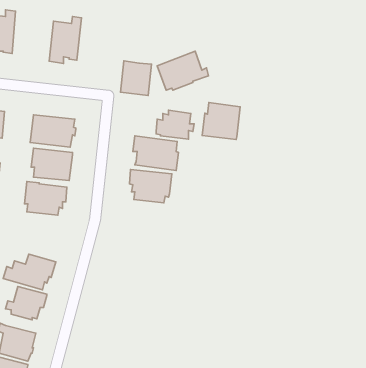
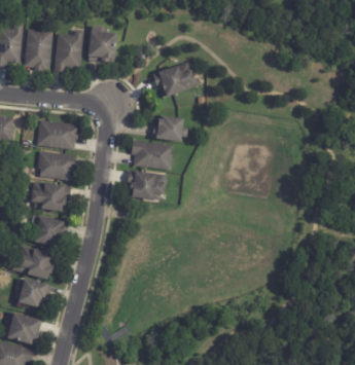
building: none -> [24,28,52,70]
building: [120,61,152,95] -> [88,30,117,62]
building: [202,102,240,140] -> none
building: none -> [34,216,68,248]

